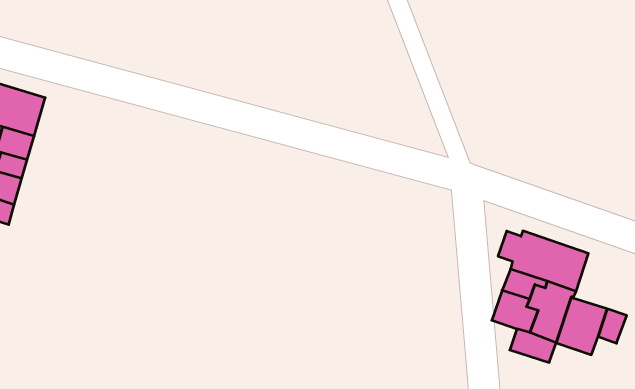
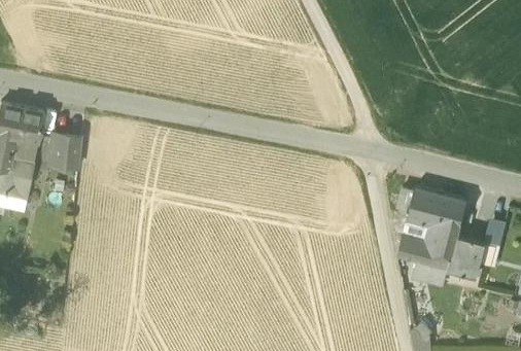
building: none -> [48,133,80,167]

